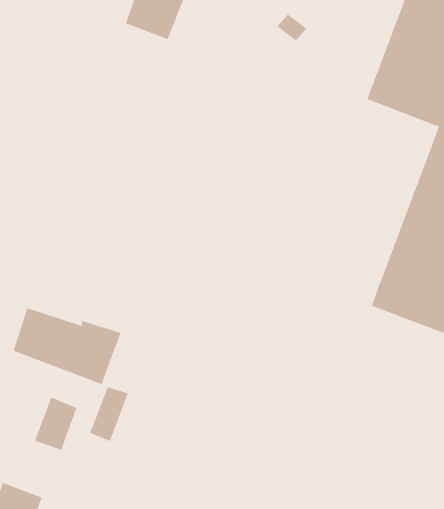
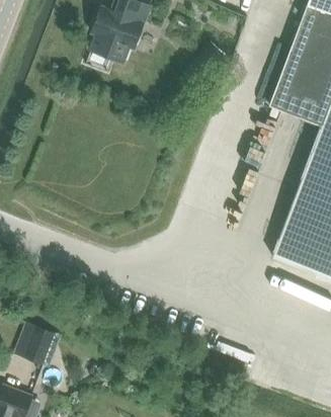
building: [13,307,121,385] -> none
building: [89,386,129,442] -> none

